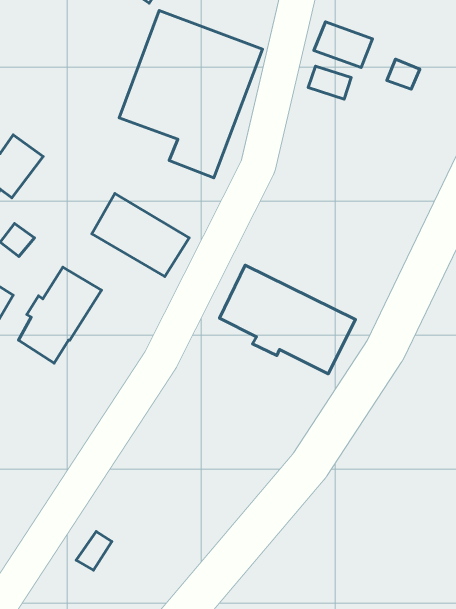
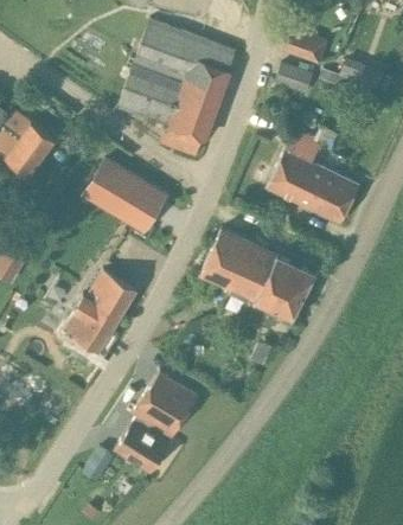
building: none -> [269,126,360,222]
building: [18,267,101,363] -> [68,271,136,351]
building: none -> [116,371,200,470]

